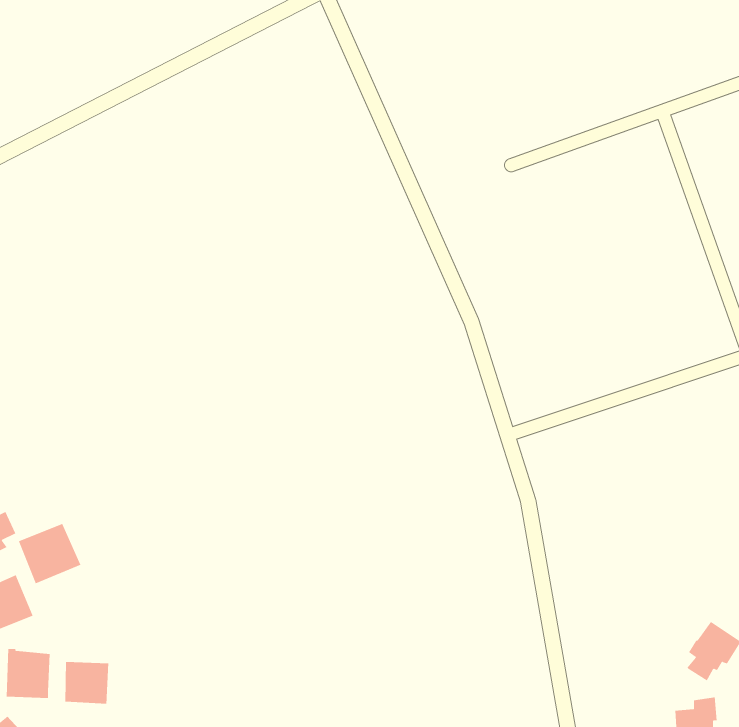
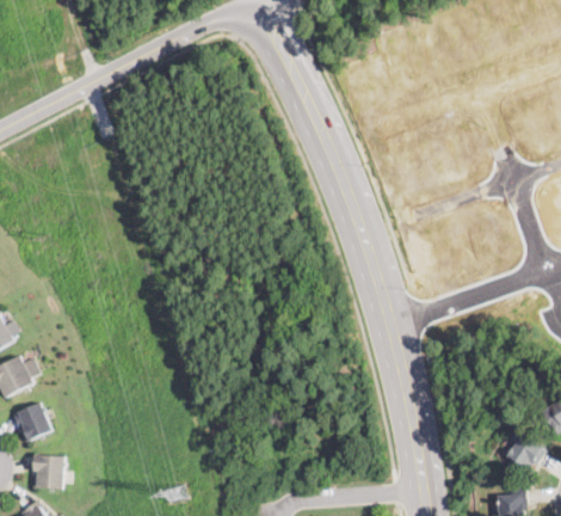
building: [18,523,81,584] -> none
building: [65,661,109,705] -> none

